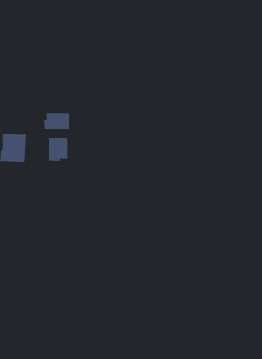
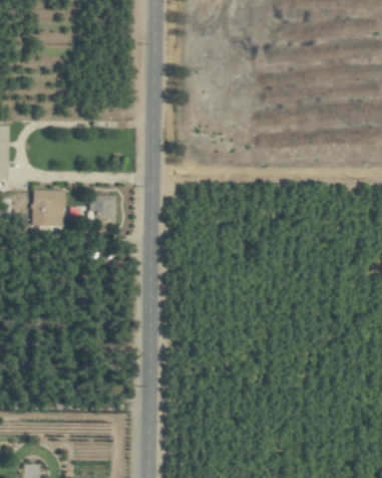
building: [44,113,69,130] -> none

